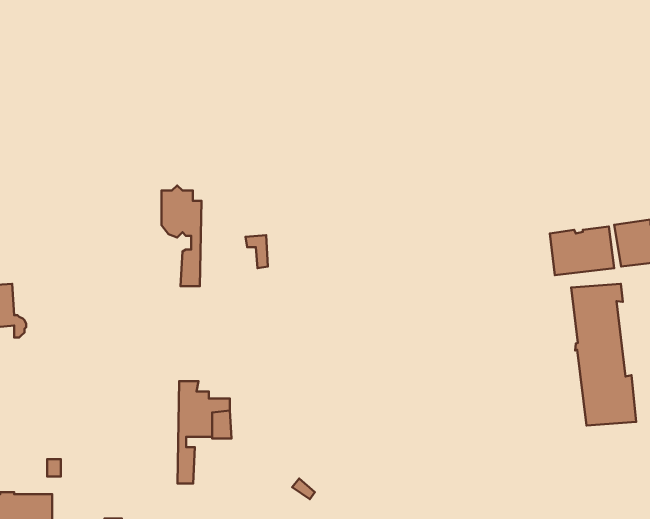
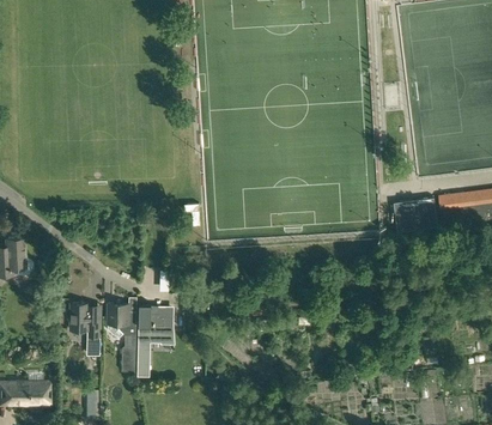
building: [161,185,201,286] -> [107,300,134,370]
building: [571,284,636,425] -> none
building: none -> [67,303,99,354]

